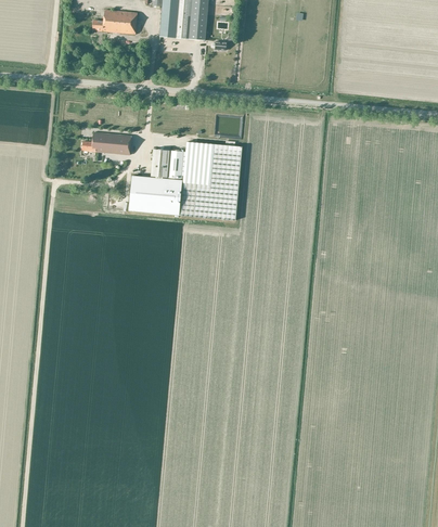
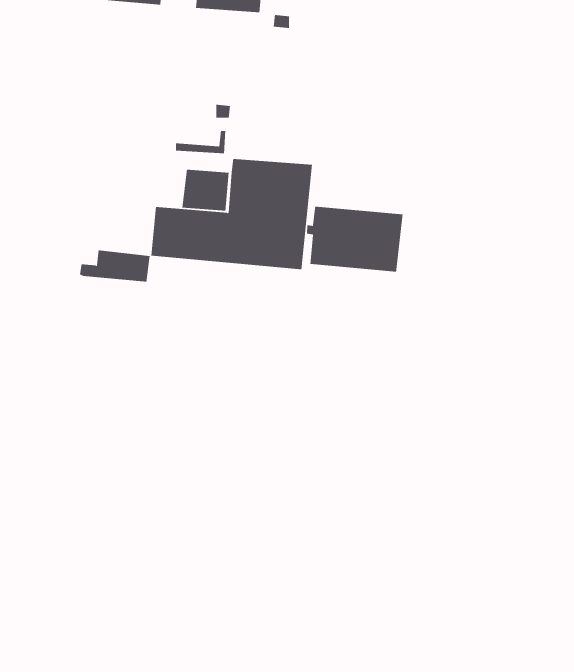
building: [81,131,131,154] -> [79,250,150,282]
building: none -> [307,206,403,272]

